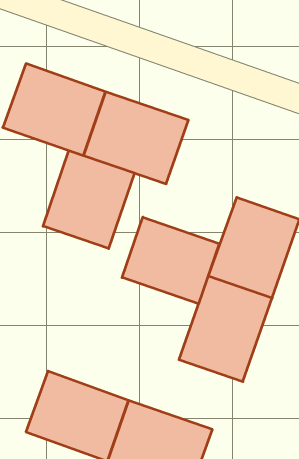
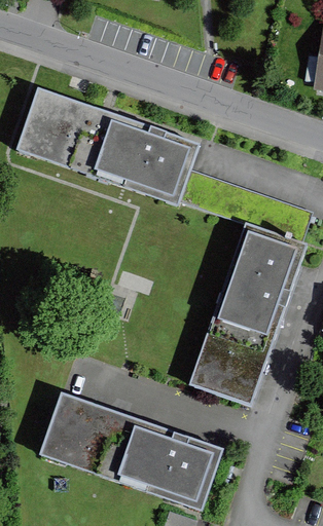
building: [43,151,134,249] -> none
building: [122,217,219,304] -> none

